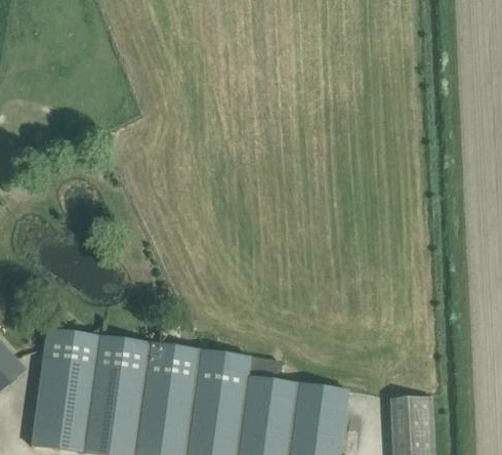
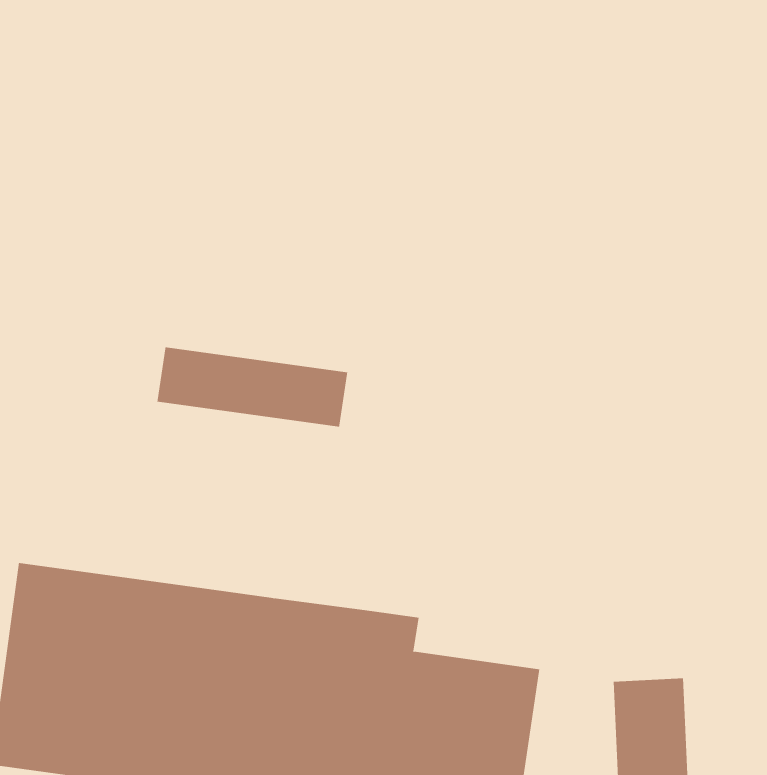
building: none -> [157,347,348,428]

